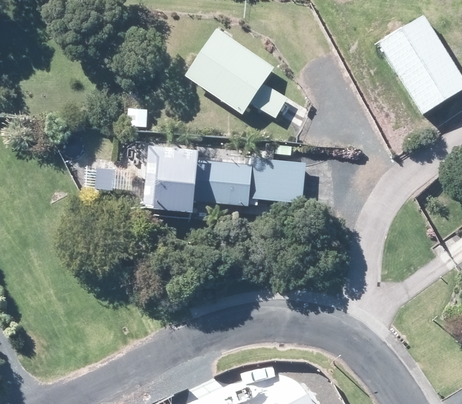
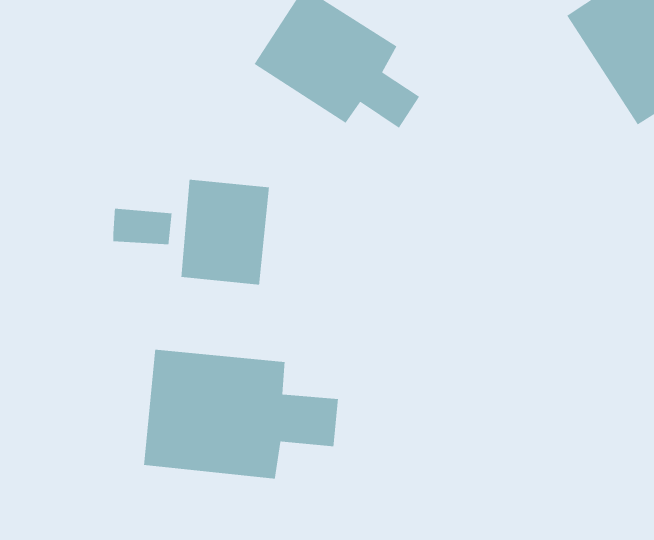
building: [198,156,306,205] -> none
building: none -> [143,349,339,479]

